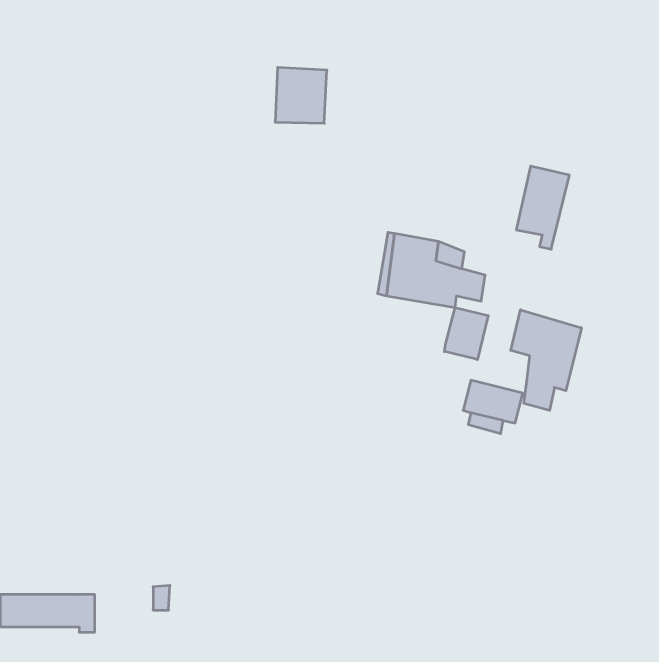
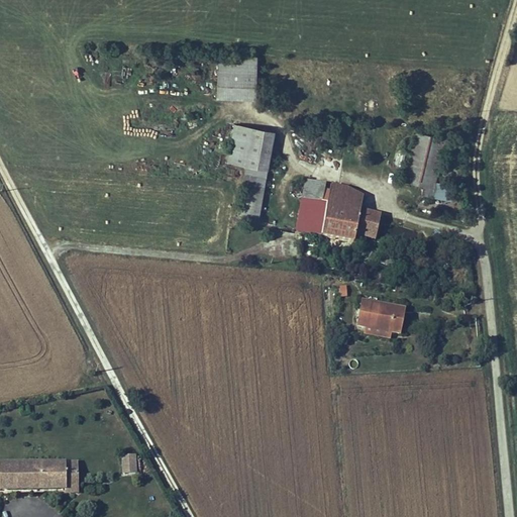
building: none -> [229,122,274,214]
building: [444,308,488,360] -> none
building: [511,310,581,410] -> none

